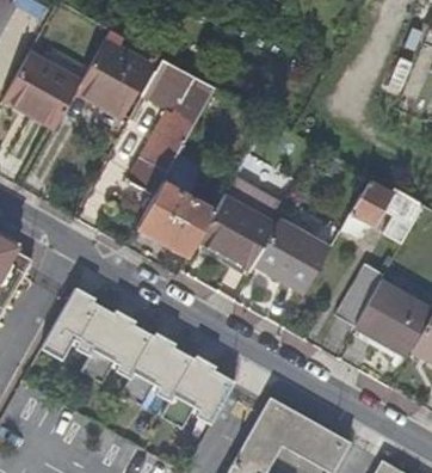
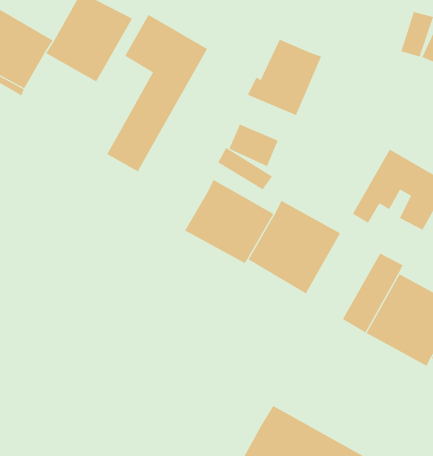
building: none -> [247,39,322,116]
building: [137,182,215,256] -> none
building: [42,285,236,425] -> none

